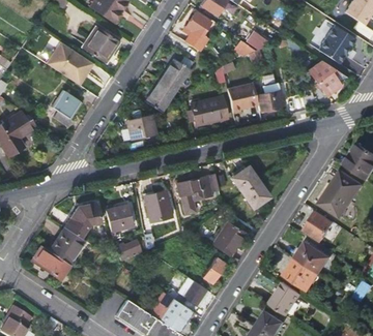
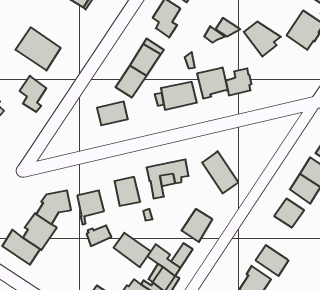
building: [79,25,117,62] -> none
building: [308,60,345,95] -> [244,21,281,57]
building: [295,241,329,273] -> none
building: none -> [114,233,151,267]

